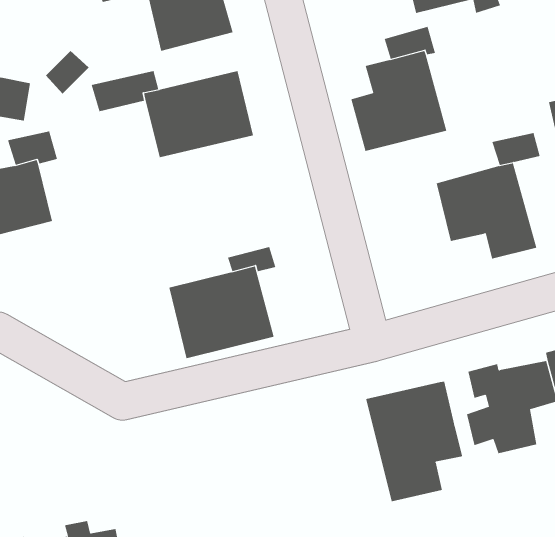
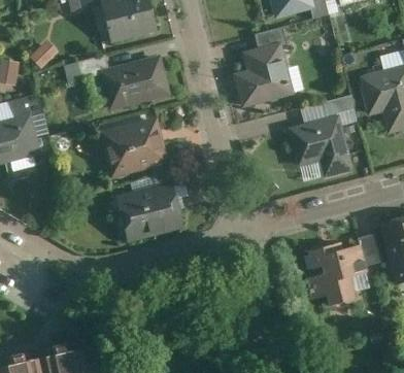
building: none -> [95,116,166,178]
building: [366,381,463,502] -> none

